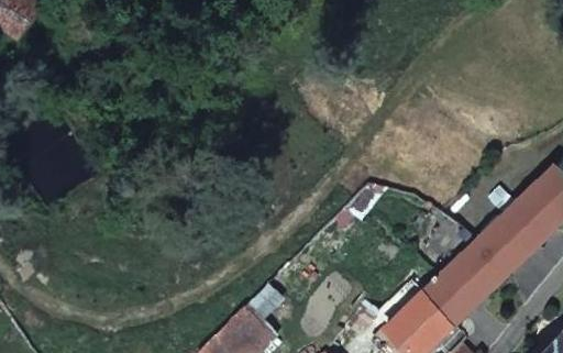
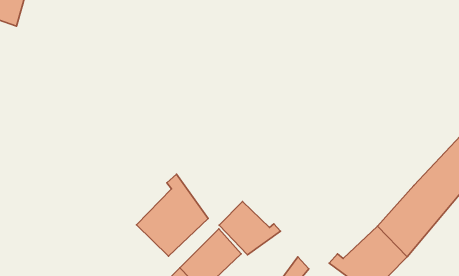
building: none -> [137,174,208,256]
building: none -> [219,201,281,255]

